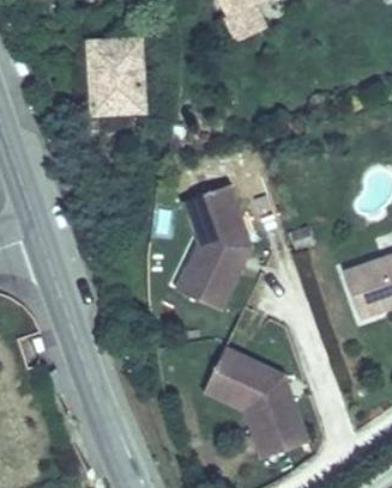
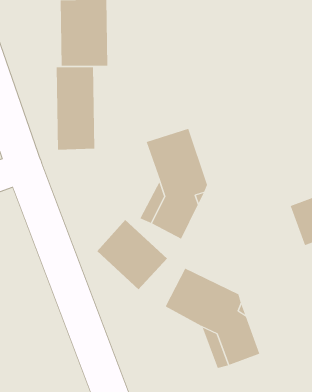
building: none -> [56,67,95,151]
building: none -> [96,219,168,290]

